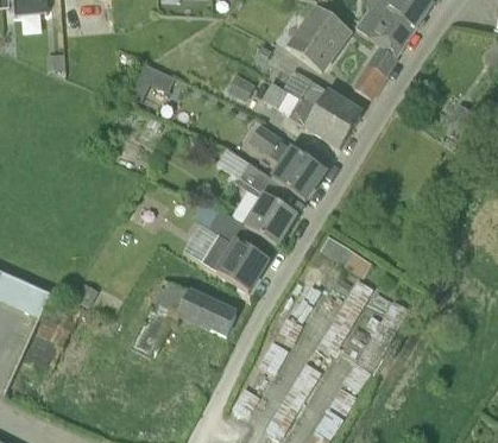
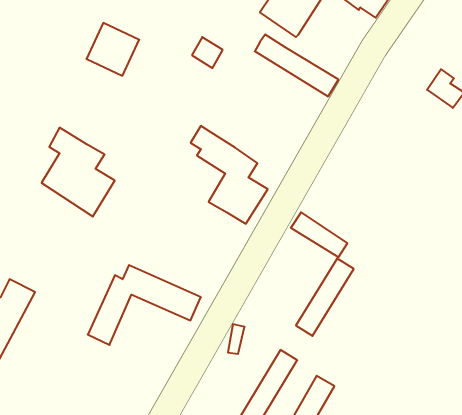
building: [354,44,398,96] -> none
building: [263,80,353,146] -> none
building: [248,125,326,198] -> none
building: [201,208,269,290] -> [42,128,115,216]

